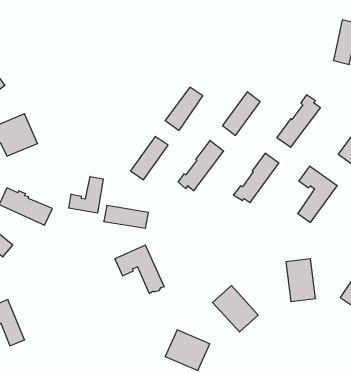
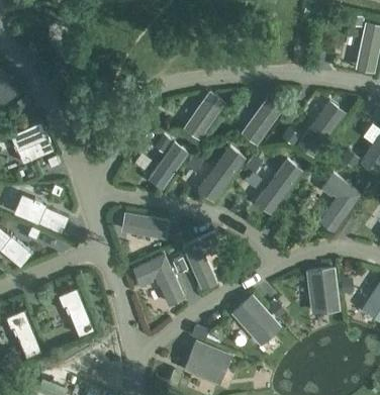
building: [69,176,103,213] -> none
building: none -> [182,232,220,289]
building: none -> [60,289,93,336]

